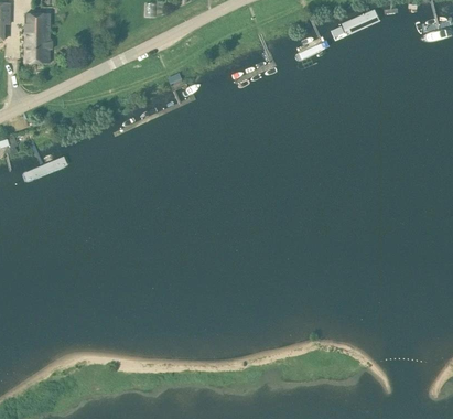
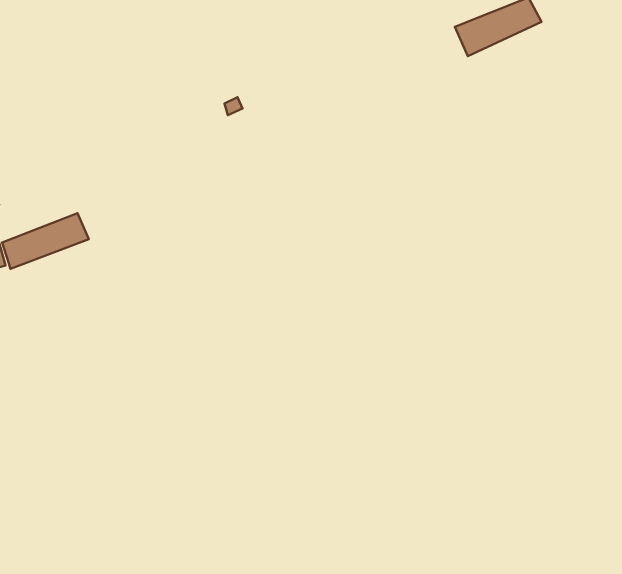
building: [24,12,52,62] -> none

